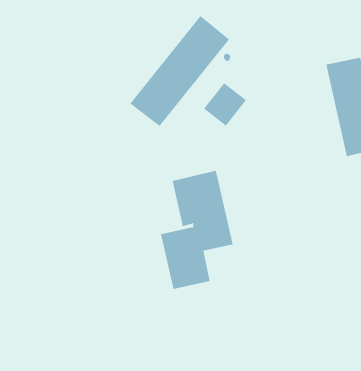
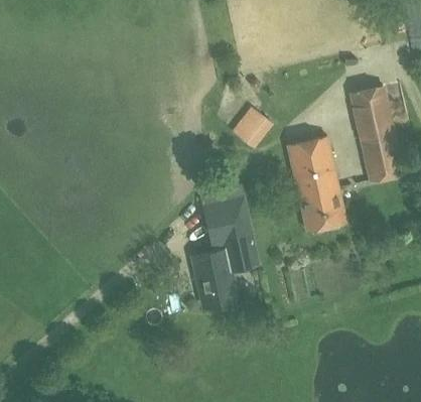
building: [130,15,230,127] -> none
building: none -> [287,136,346,230]

